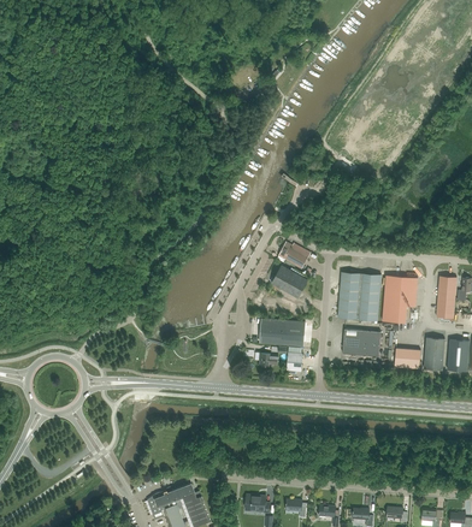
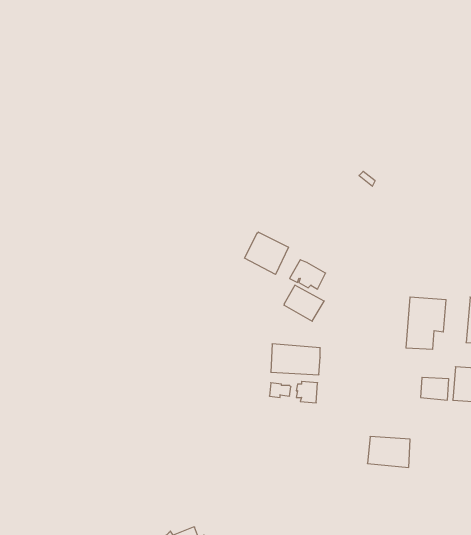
building: none -> [245,232,288,274]
building: [338,272,382,321] -> none
building: [342,330,380,357] -> [367,437,410,467]

